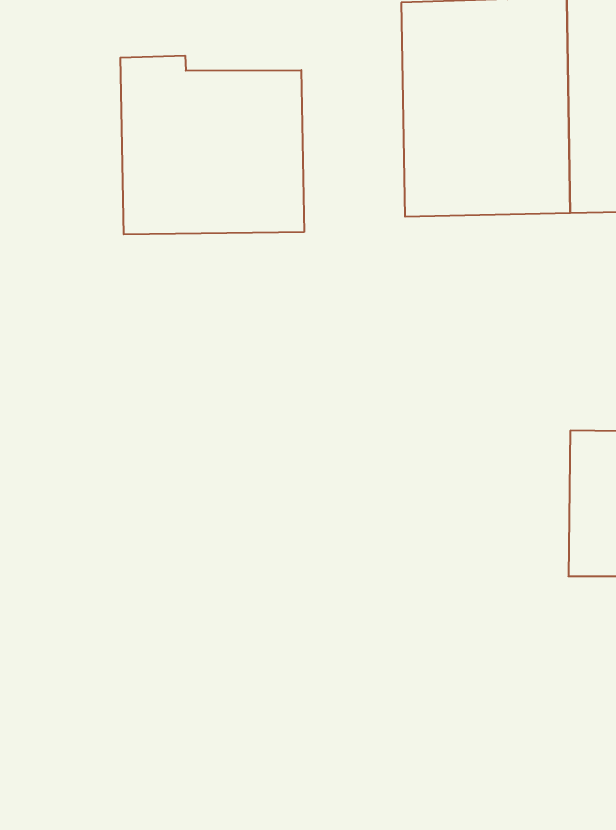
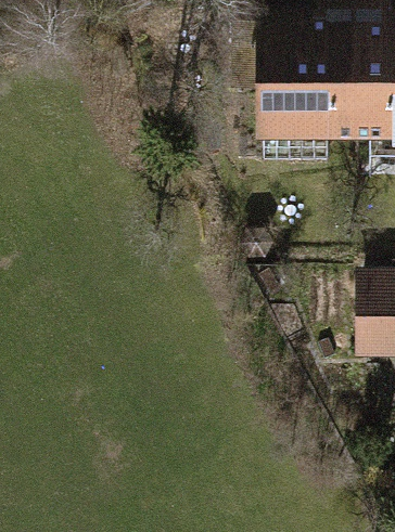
building: [120,56,304,234] -> none

